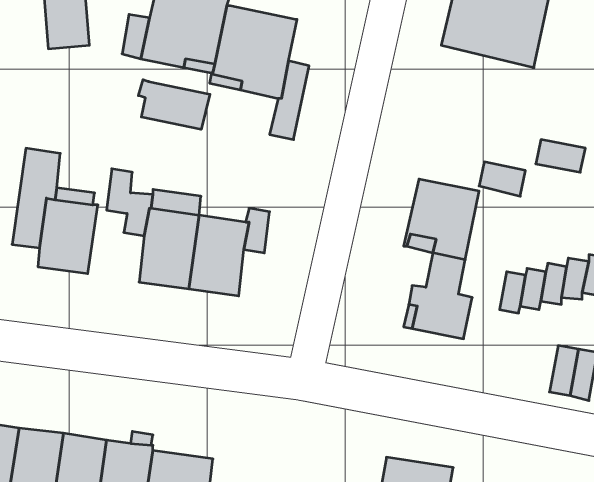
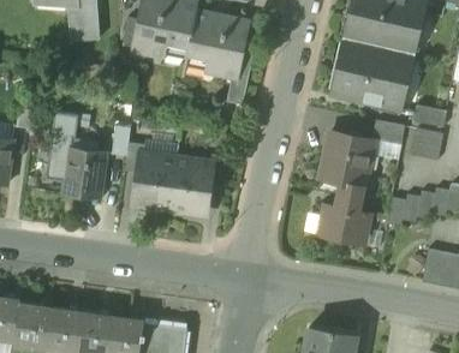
building: none -> [333,38,411,110]
building: [138,80,210,129] -> none
building: none -> [411,128,443,161]

